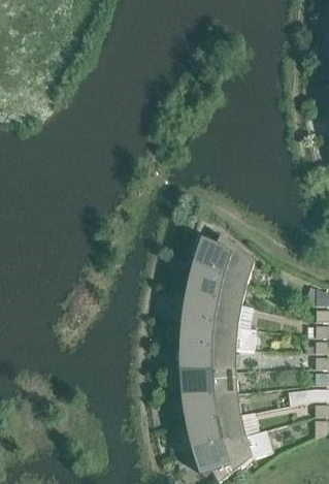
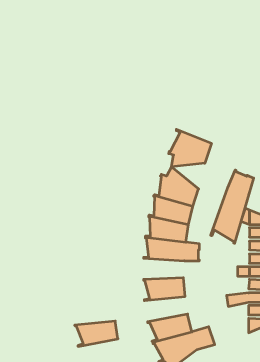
building: none -> [169,129,211,167]
building: none -> [211,170,254,243]
building: [182,347,231,373] -> none
building: [183,393,235,424] -> [75,321,118,346]

